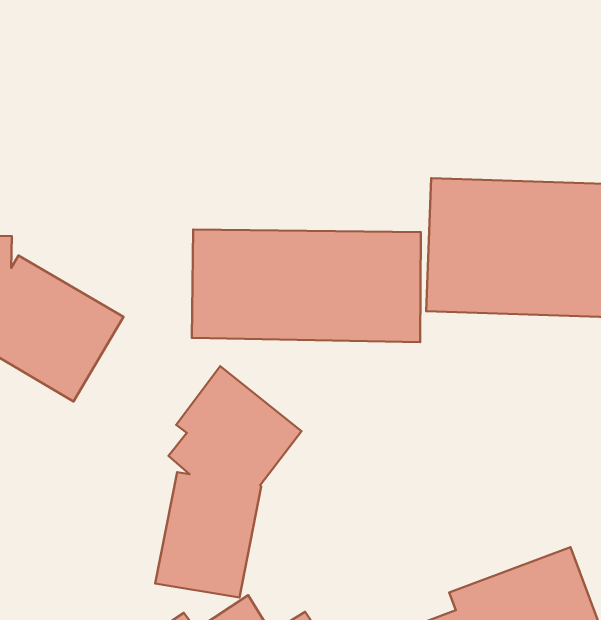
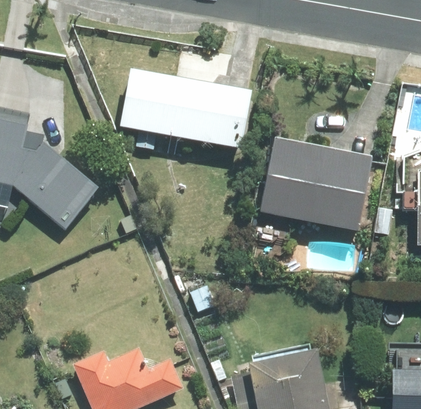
building: [192,229,421,342] -> [121,68,253,148]
building: [155,366,301,598] -> none

